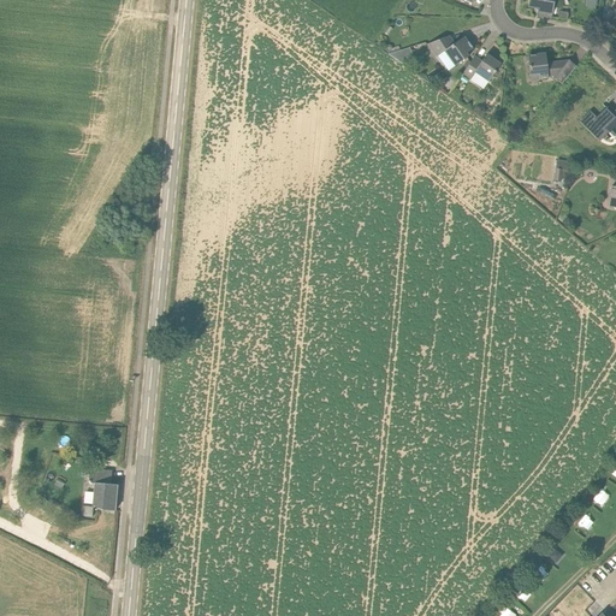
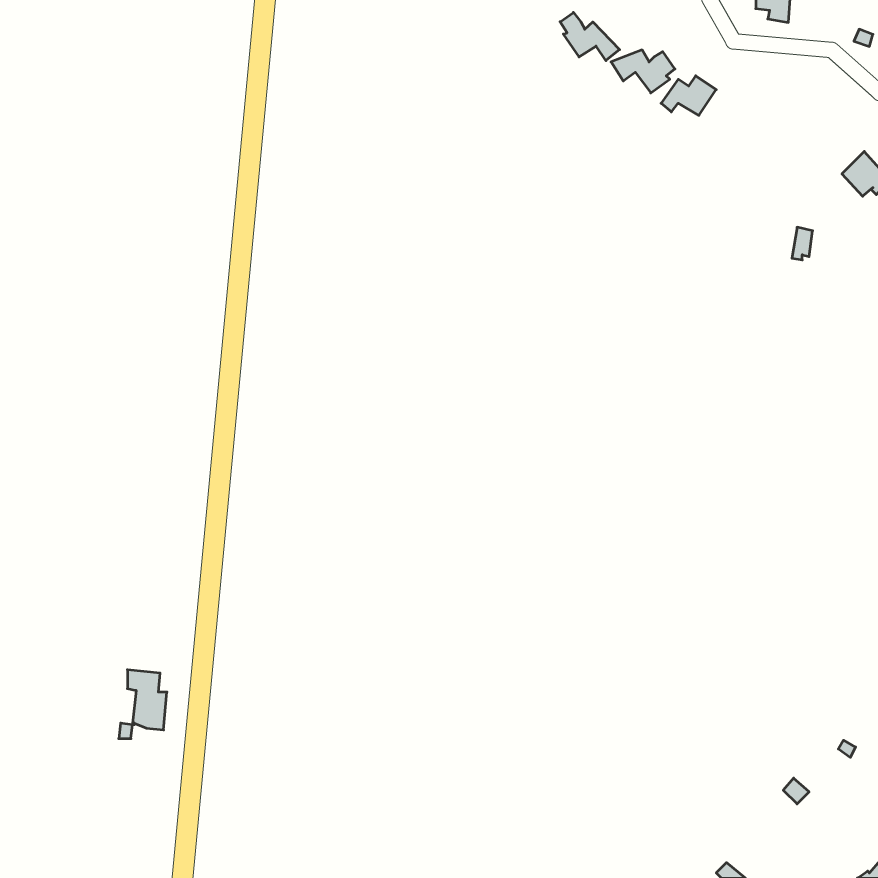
building: none -> [560,12,620,61]
building: [528,53,578,83] -> none

